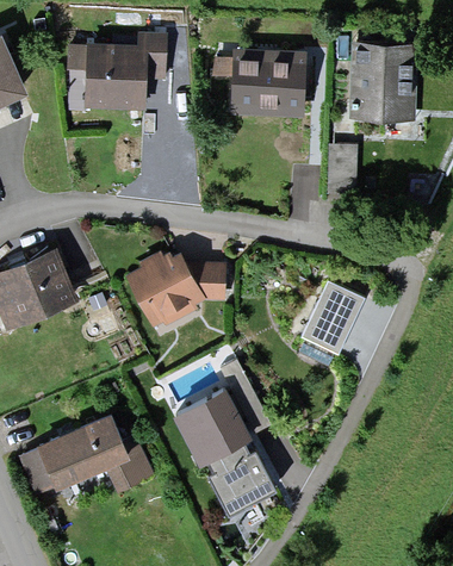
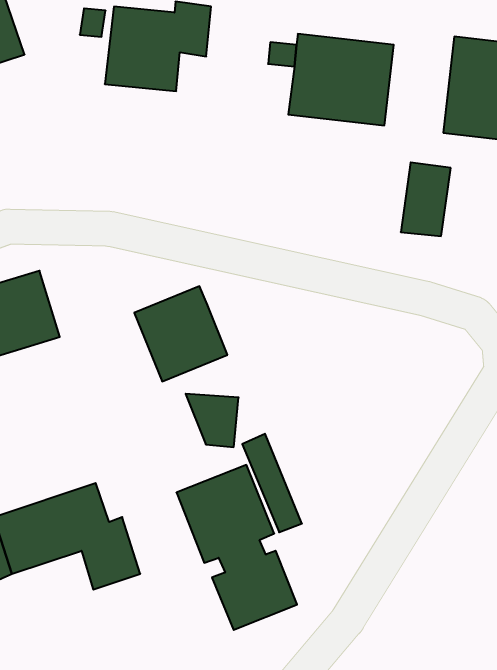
building: [184,265,224,303] -> [186,394,239,447]
building: [303,281,366,355] -> none

